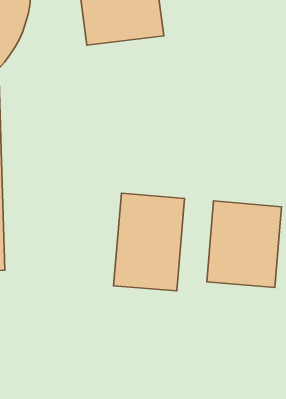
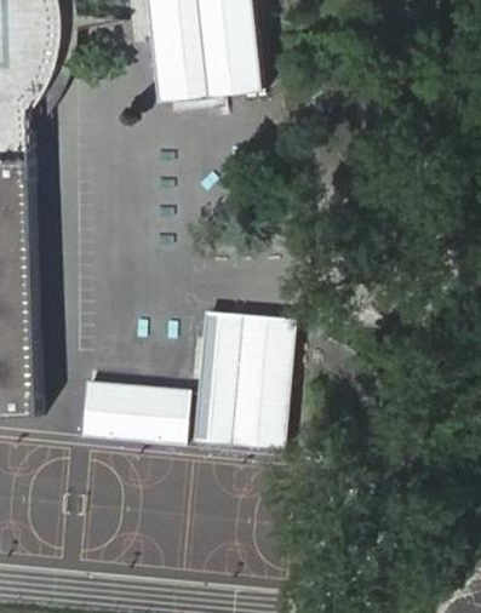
building: [207,201,282,288] -> none
building: none -> [78,380,188,445]

